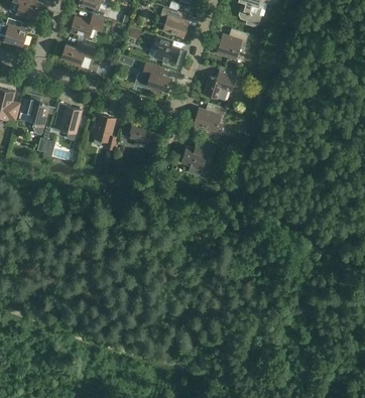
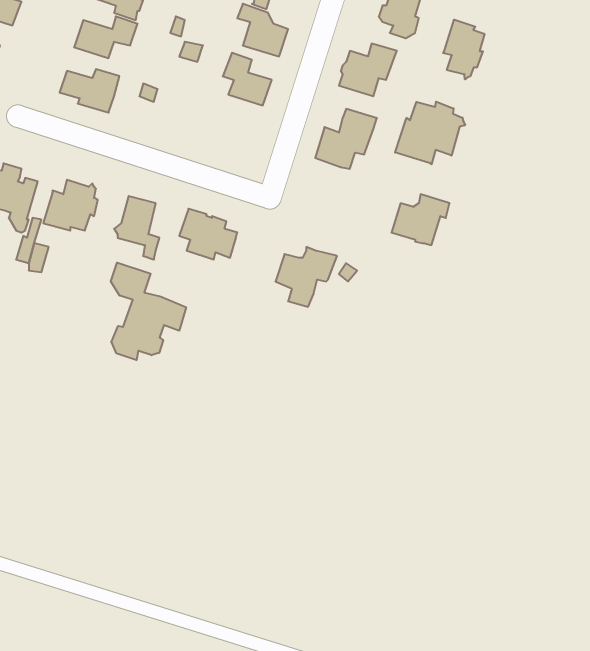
building: none -> [443,20,484,79]
building: none -> [395,102,465,164]
building: [135,62,170,93] -> none
building: [194,104,226,132] -> [391,194,450,245]
building: none -> [111,263,186,360]

